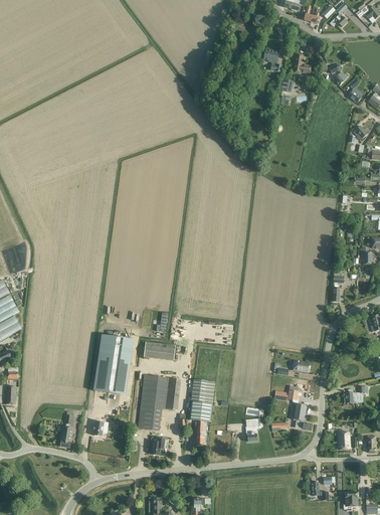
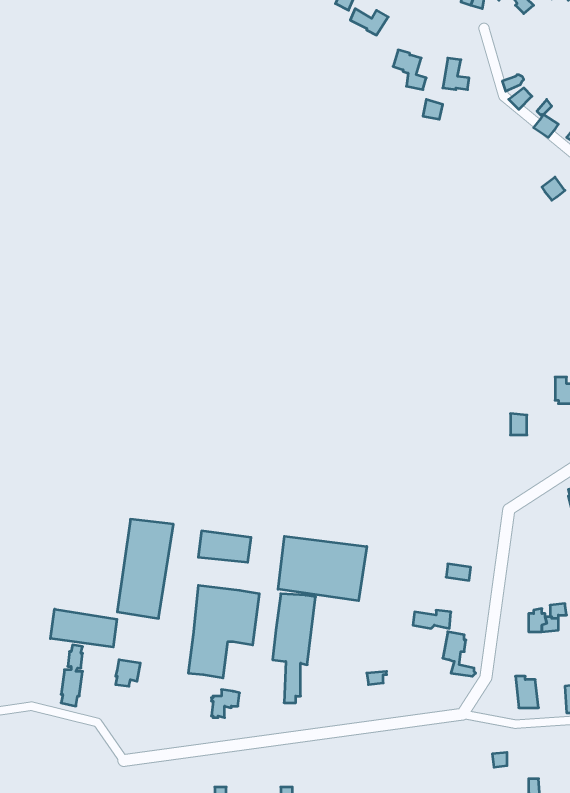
building: none -> [278,536,367,601]
building: none -> [50,609,117,647]

